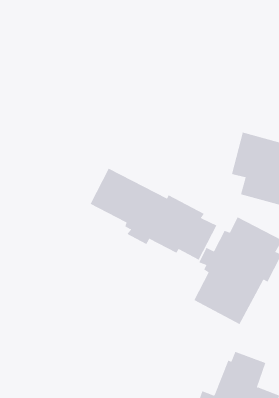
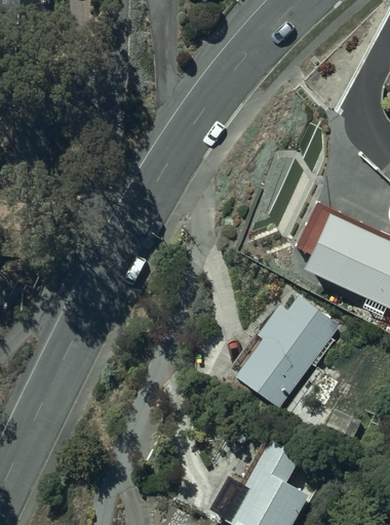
building: [90,168,217,260] -> none

